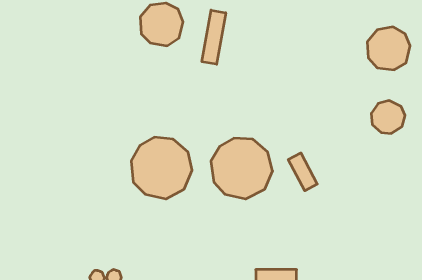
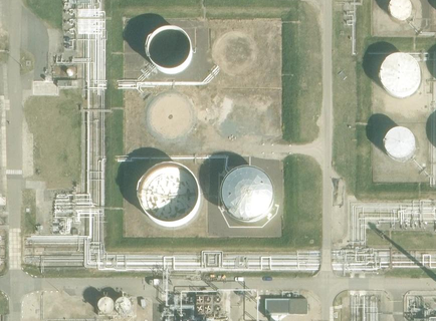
building: [202,10,226,64] -> none
building: [288,153,317,191] -> none

